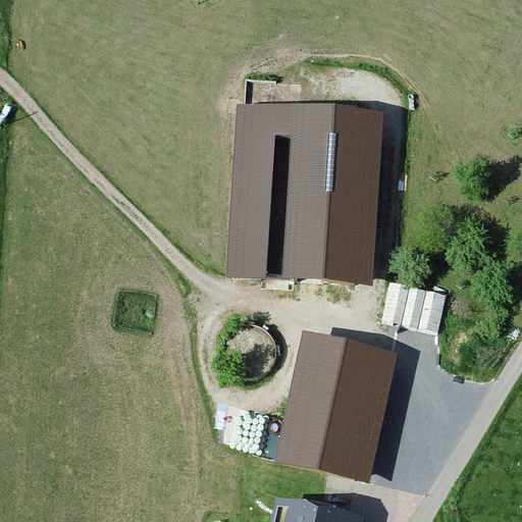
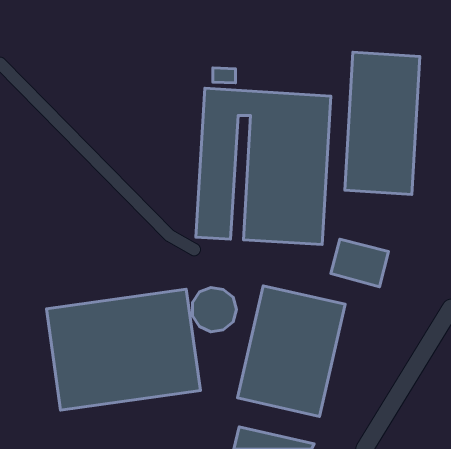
building: none -> [345,52,420,194]
building: none -> [46,289,200,410]

